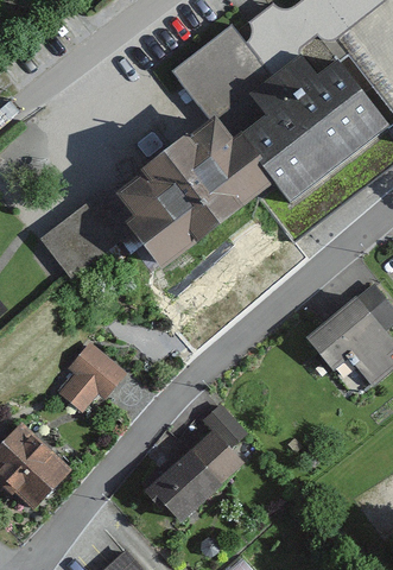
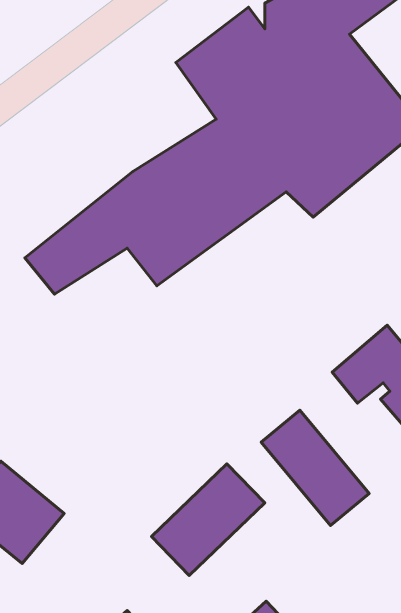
building: [55,342,127,417] -> none
building: none -> [261,410,369,526]

